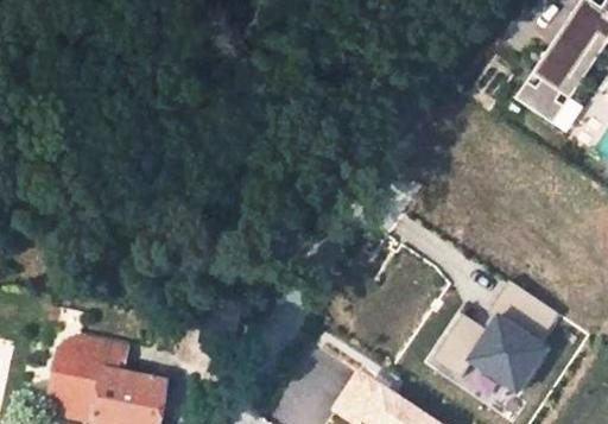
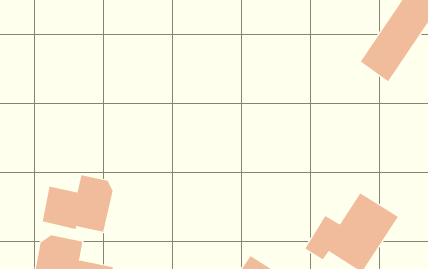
building: none -> [42,175,113,233]

